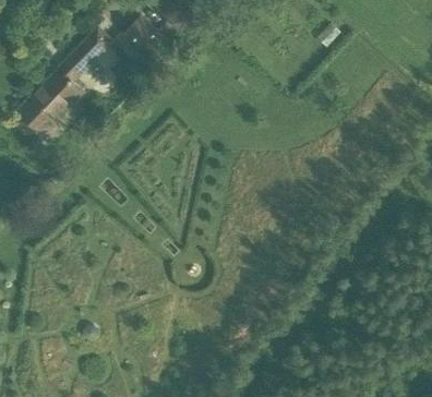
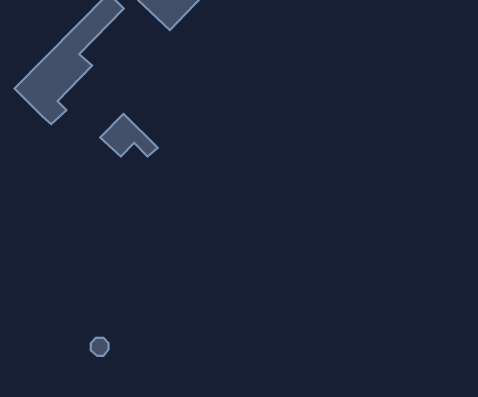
building: none -> [100,114,158,157]

